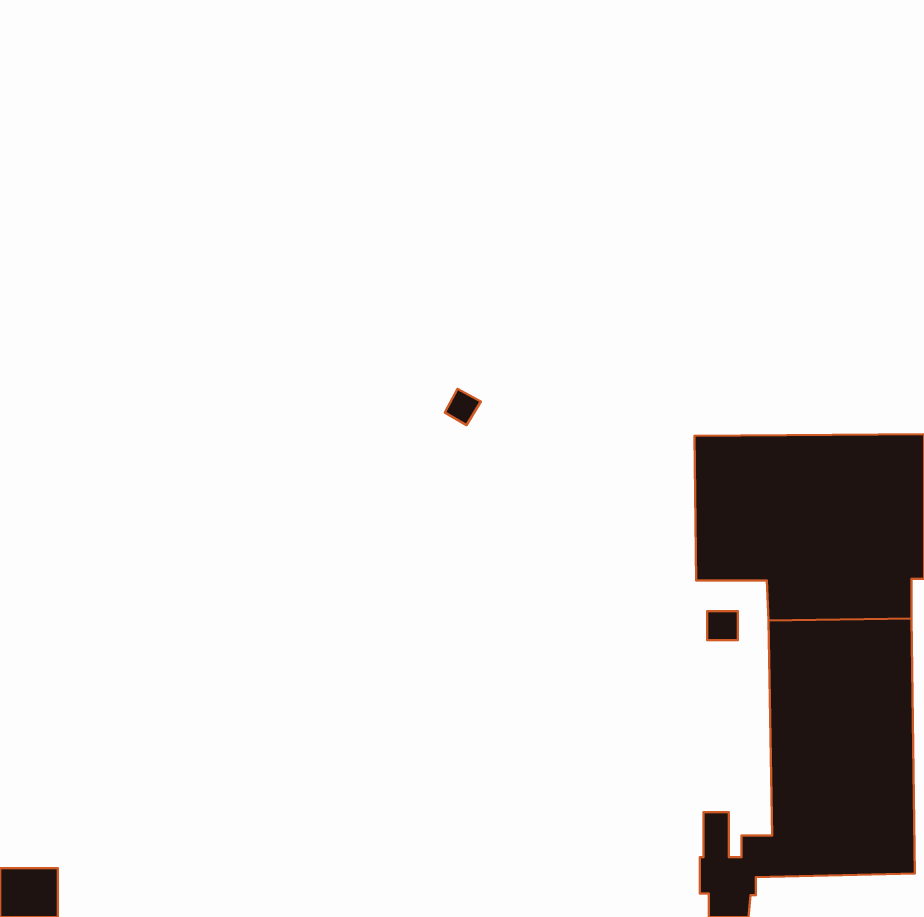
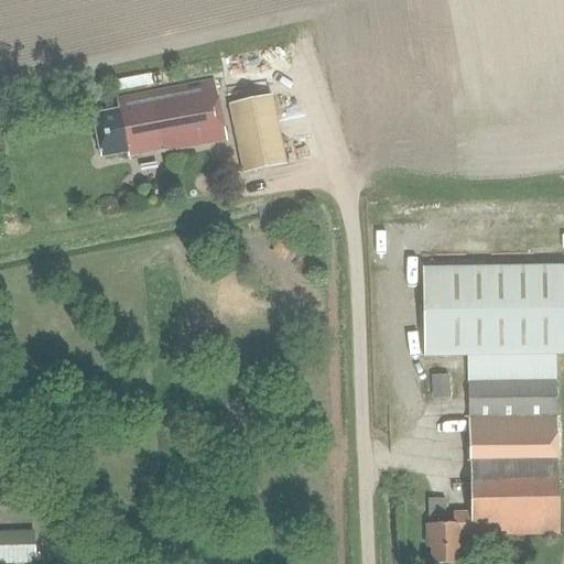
building: none -> [91,74,227,154]
building: none -> [231,93,288,170]

